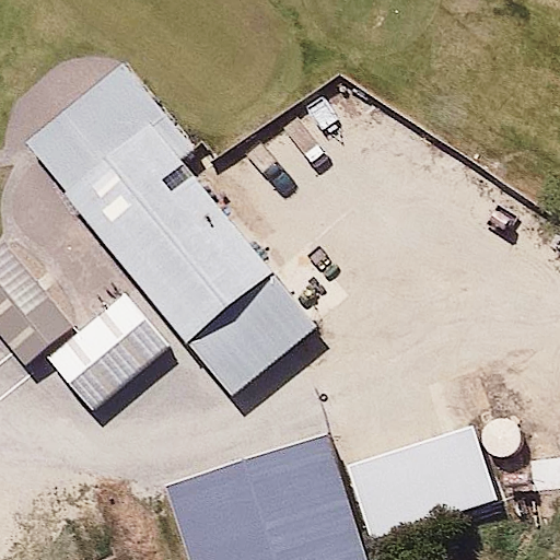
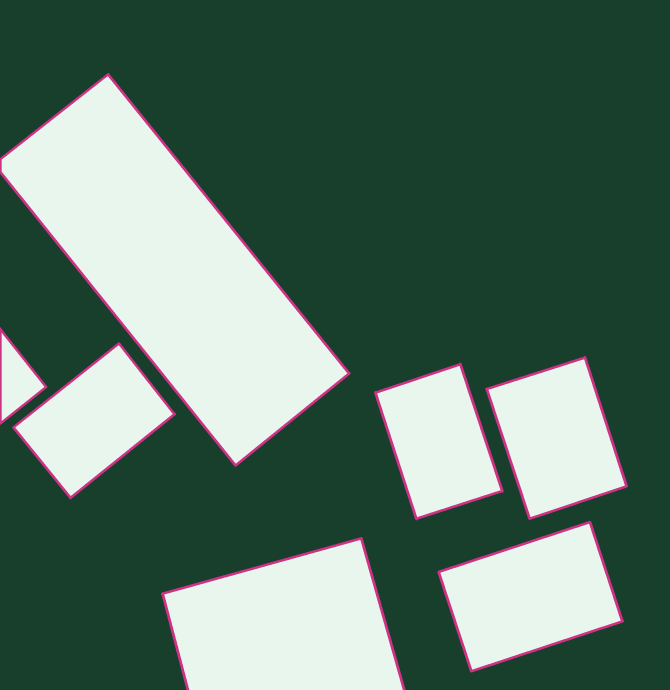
building: none -> [487,357,626,519]
building: none -> [376,364,502,519]

